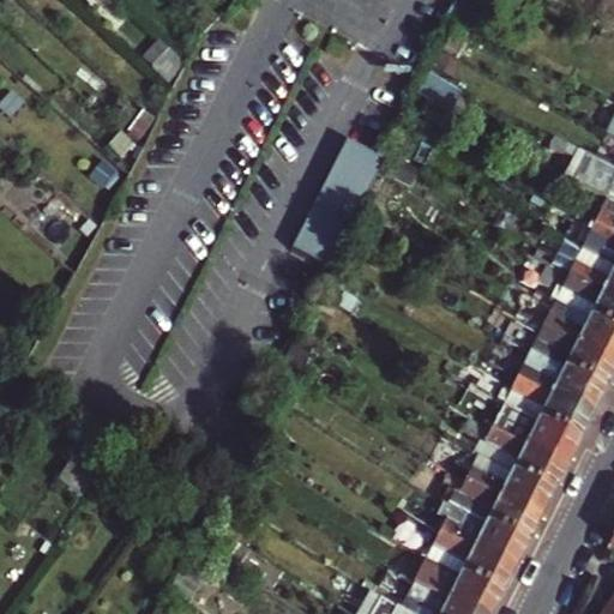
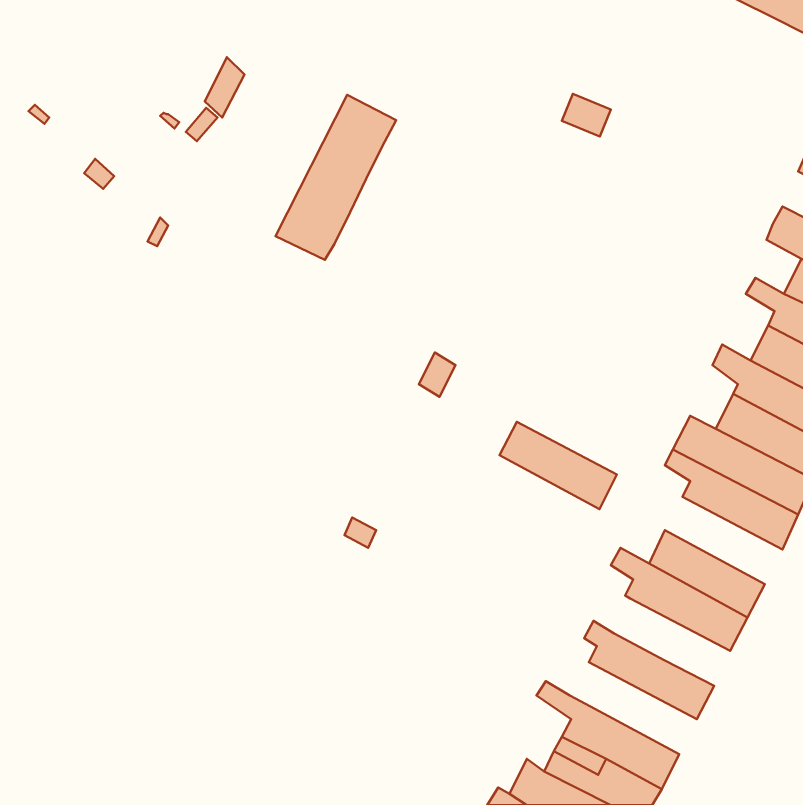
building: [291,142,383,266] -> [276,95,396,260]
building: [508,375,597,441] -> [499,422,617,509]
building: [470,452,558,518] -> none
building: [408,495,532,570] -> none

